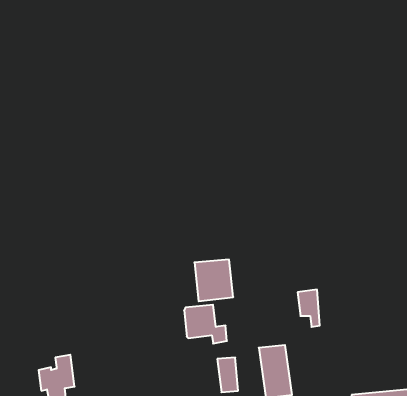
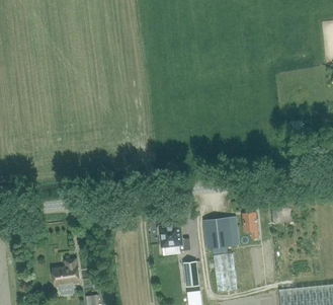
building: [194,260,233,301] -> [203,219,232,249]

